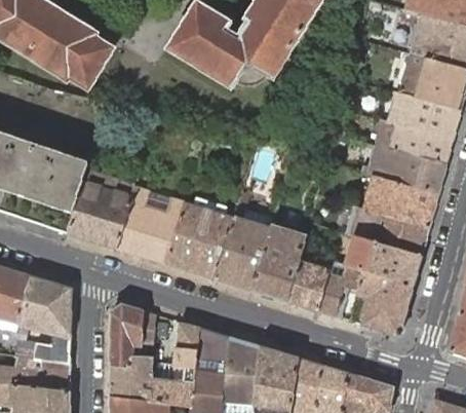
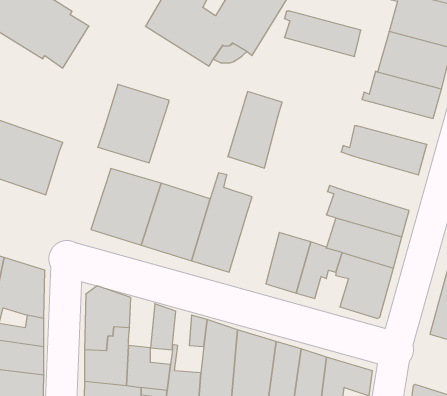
building: [377,120,452,164] -> [284,11,361,56]
building: [66,171,135,248] -> [98,84,169,163]
building: [364,176,437,229] -> none
building: [251,226,305,301] -> [228,92,282,168]

